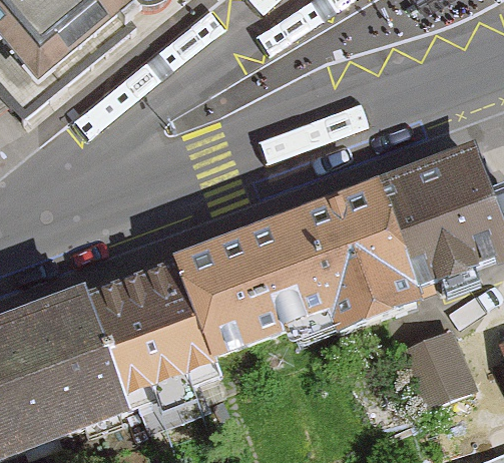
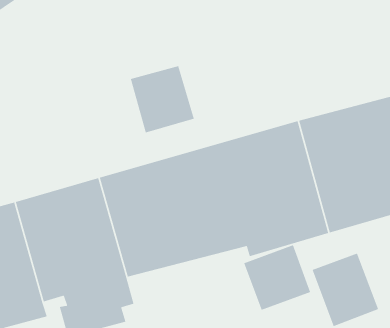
building: none -> [130,65,195,134]
building: none -> [243,244,311,311]

